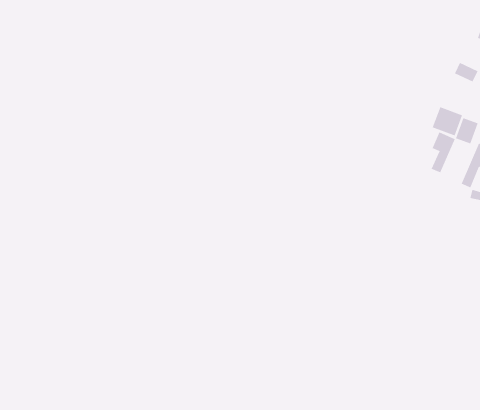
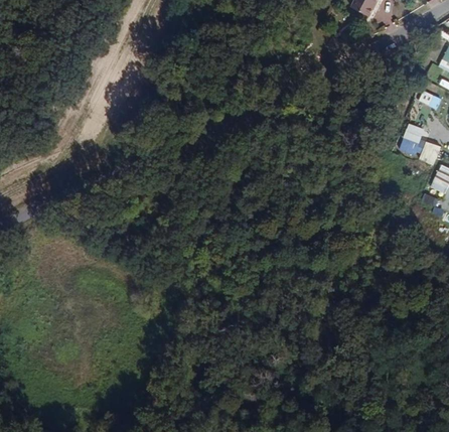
building: [431,131,456,173] -> none

